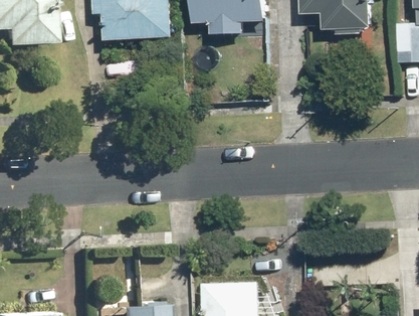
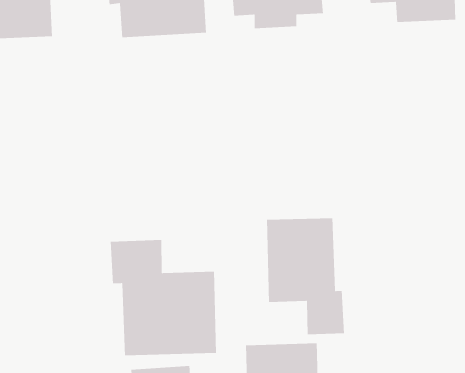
building: none -> [266,217,345,335]
building: none -> [110,239,217,356]

